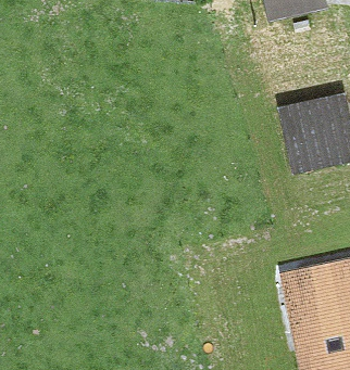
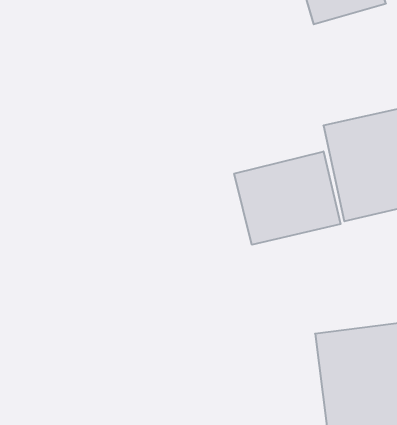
building: none -> [234,151,341,245]

